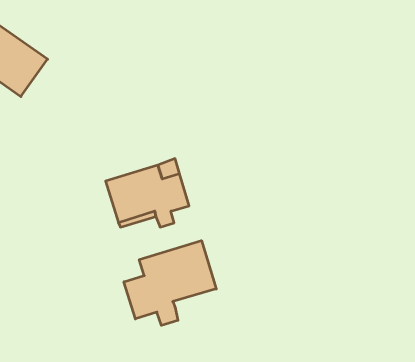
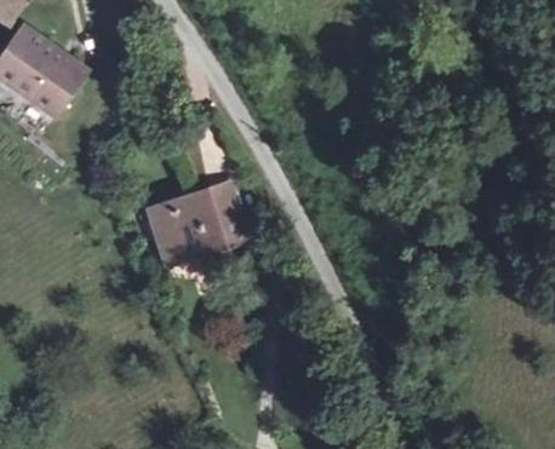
building: [124,241,216,325] -> none

